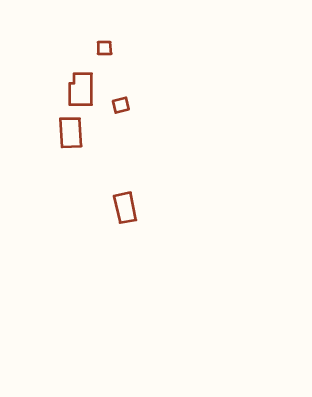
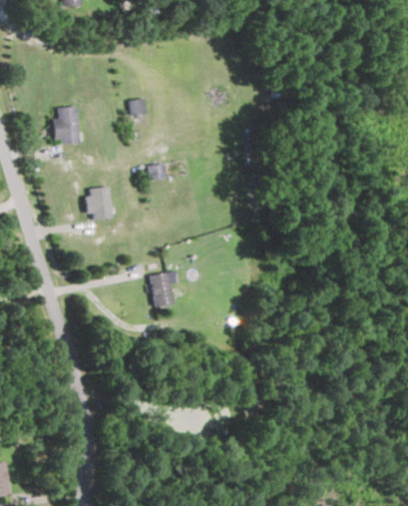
building: [70,74,92,105] -> [54,107,79,142]

